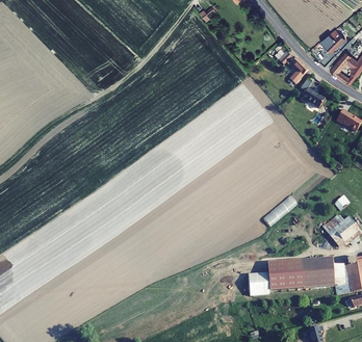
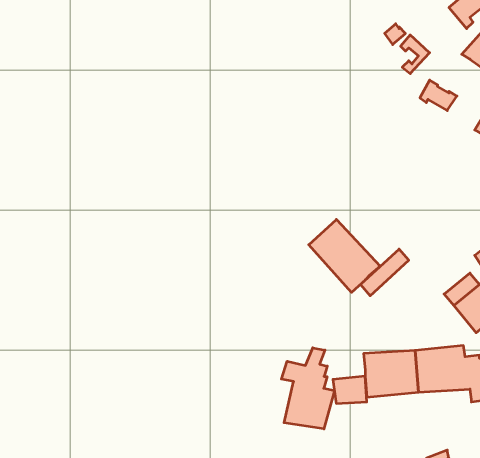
building: none -> [309,219,380,292]
building: none -> [281,348,334,429]

